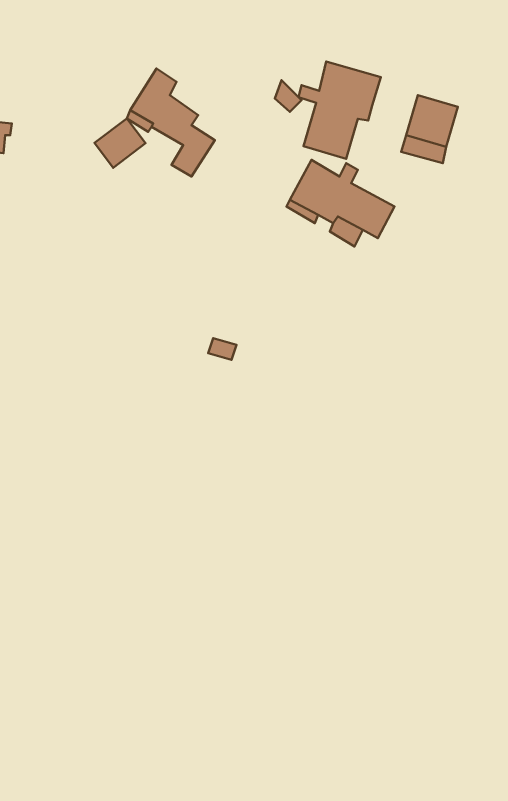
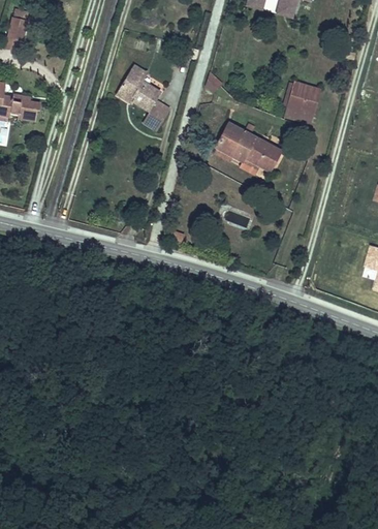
building: [299,61,381,159] -> none
building: [94,118,146,168] -> none

